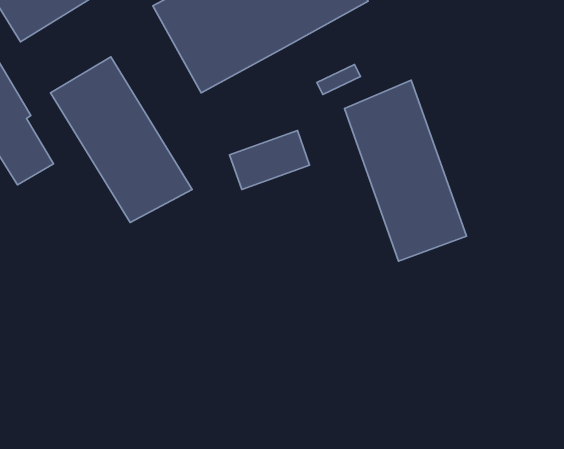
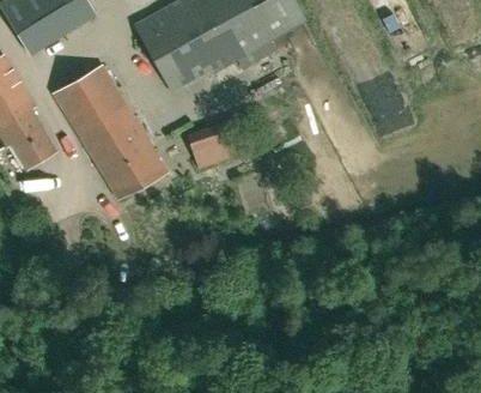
building: [344,80,466,261] -> none

